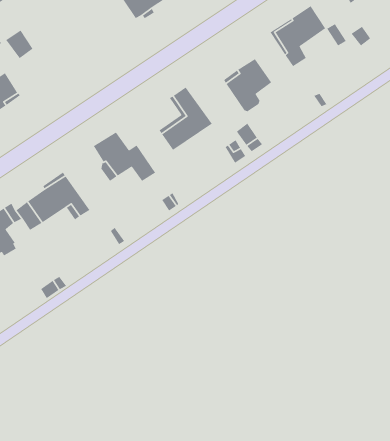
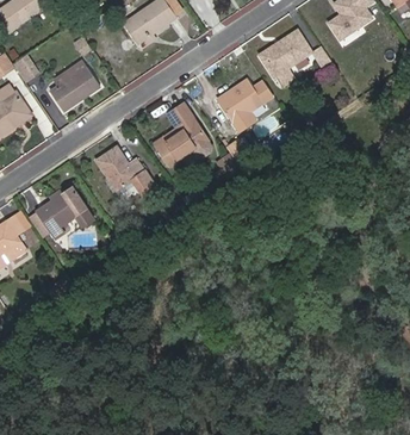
building: none -> [49,66,99,110]

